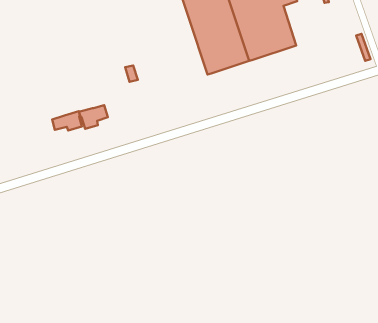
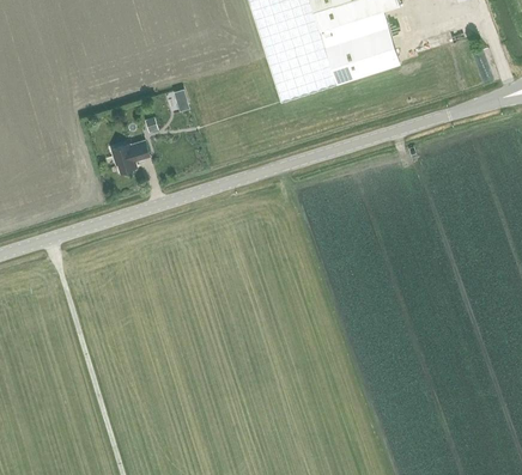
building: [52,111,82,130] -> none

